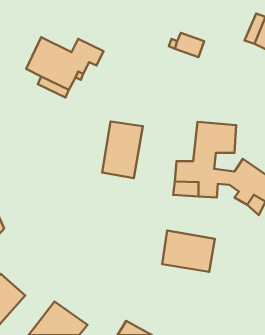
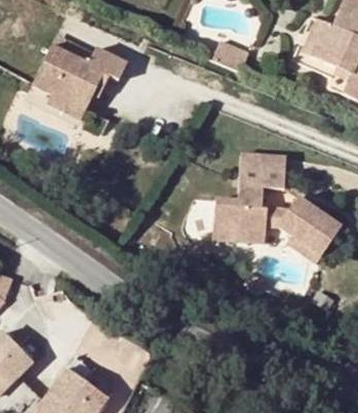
building: [102,121,143,178] -> none
building: [162,231,215,272] -> none

